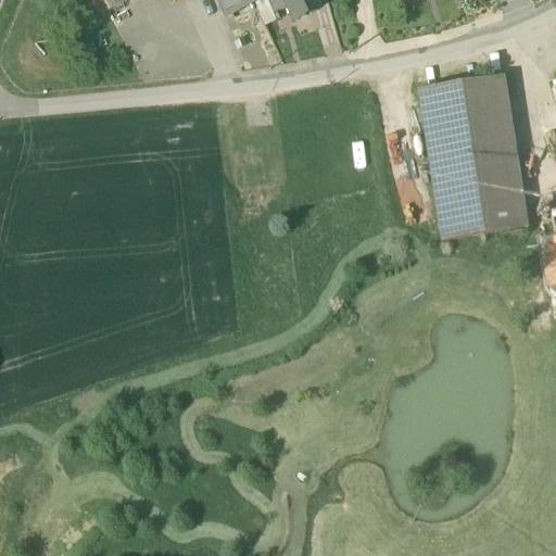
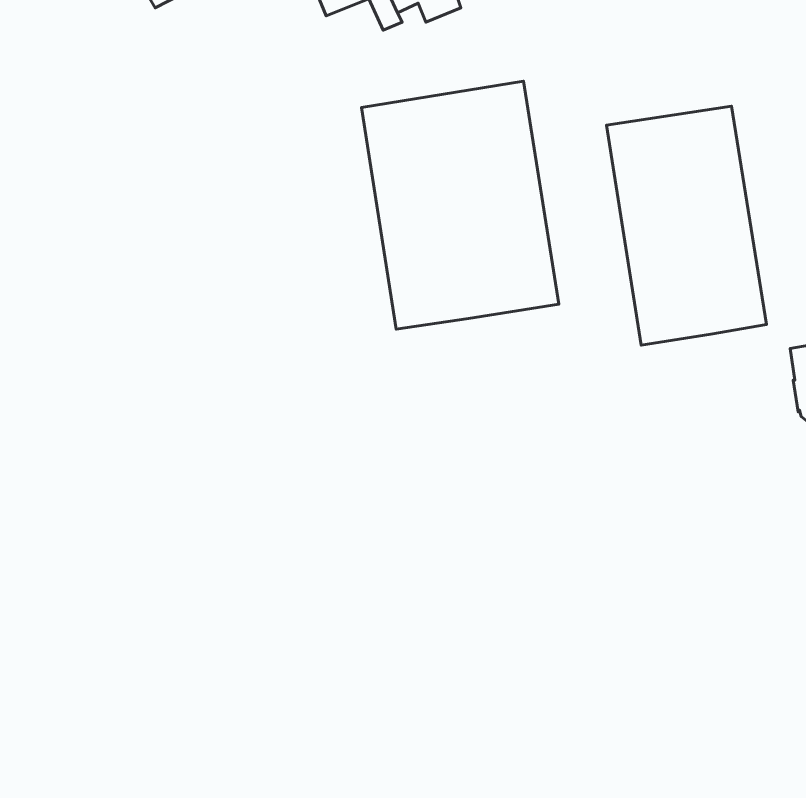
building: none -> [361,81,559,329]

